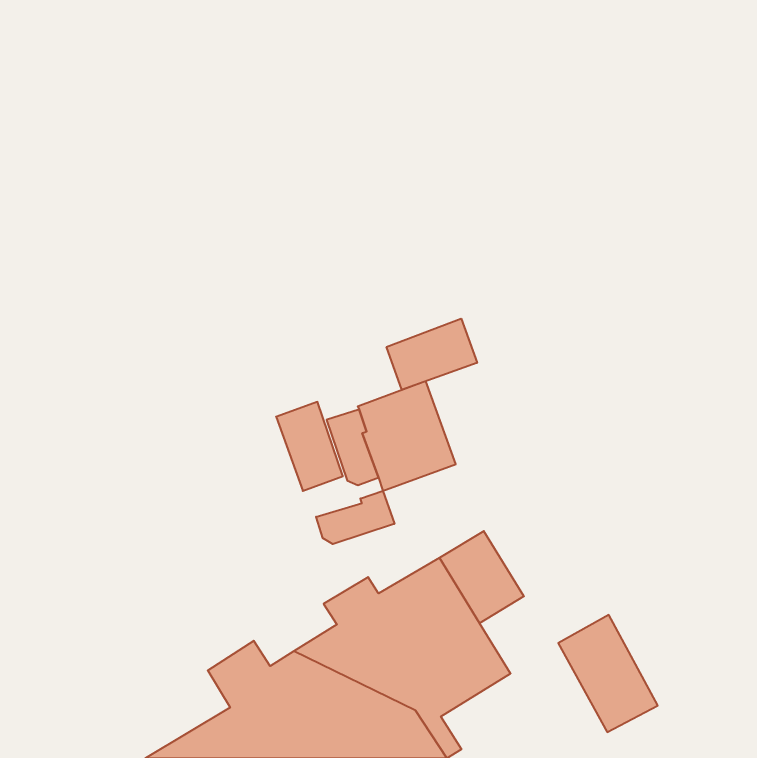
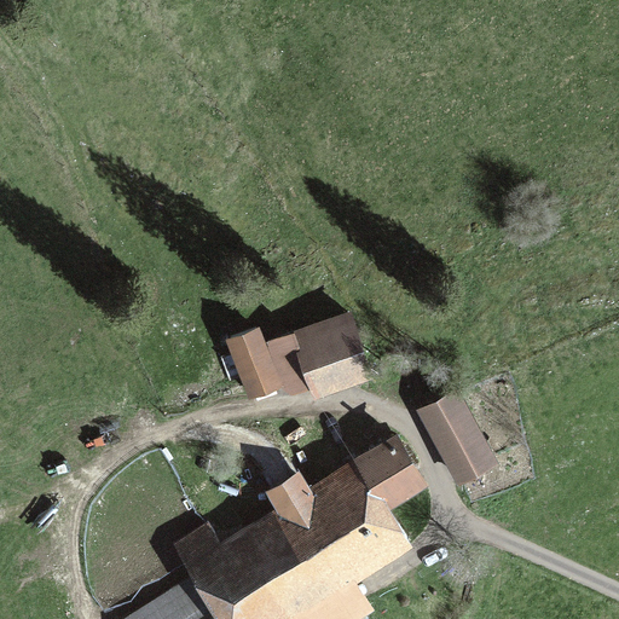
building: [387,319,477,390] -> none
building: [316,491,394,544] -> none
building: [558,615,658,732] -> [417,389,498,485]

